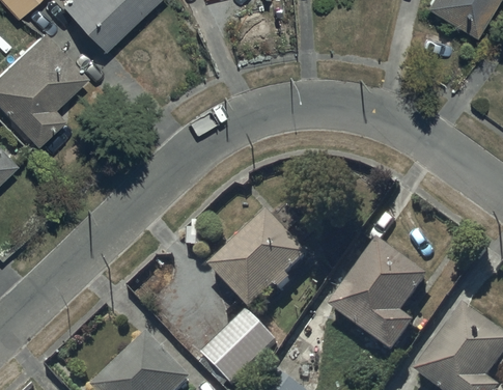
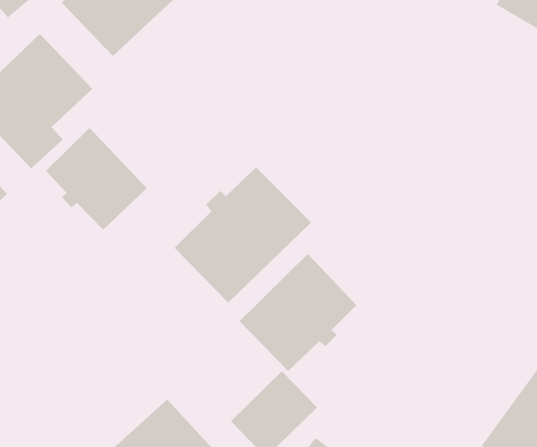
building: none -> [45,127,148,231]
building: none -> [174,167,312,304]
building: [331,246,431,360] -> none

